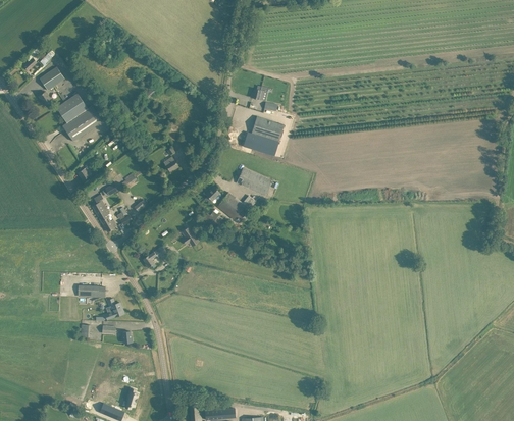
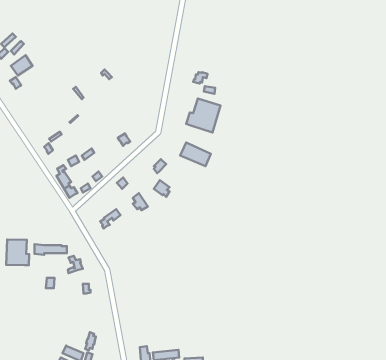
building: [56,94,100,141] -> none
building: [217,193,255,219] -> none
building: none -> [6,239,29,265]

